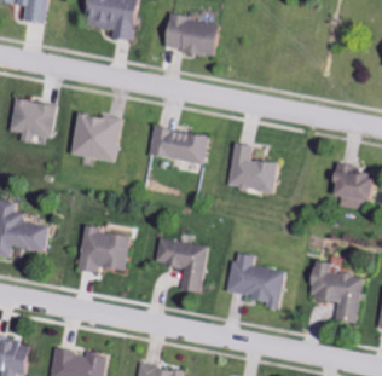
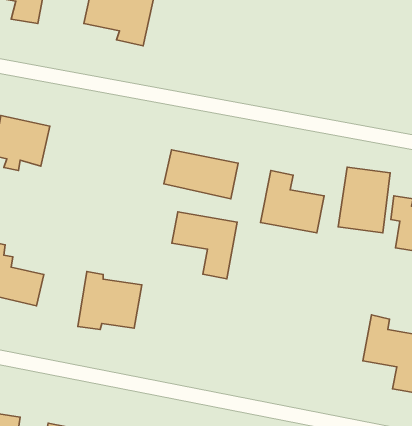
building: [163,15,222,58] -> none
building: [71,111,122,163] -> none
building: none -> [338,167,390,233]
building: [156,238,209,293] -> [172,212,237,279]
building: [227,251,288,305] -> none

